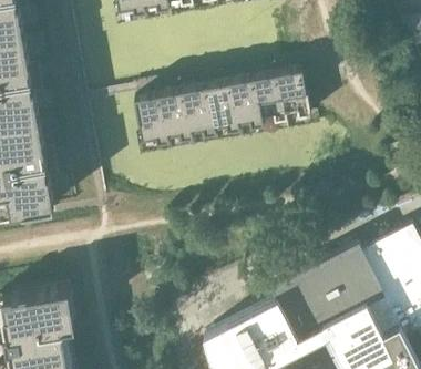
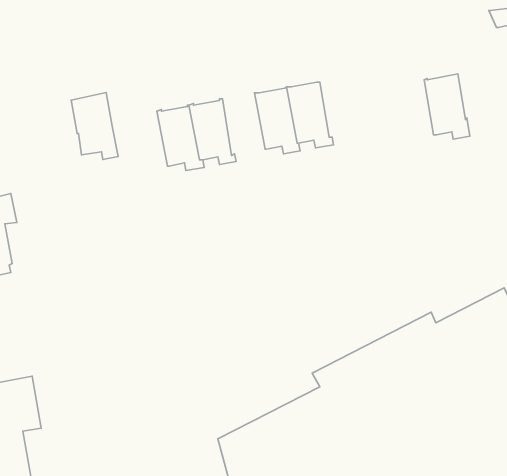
building: [277,71,310,119] -> [424,74,470,139]
building: [206,83,239,131] -> none
building: [133,95,167,144] -> [71,93,118,160]

